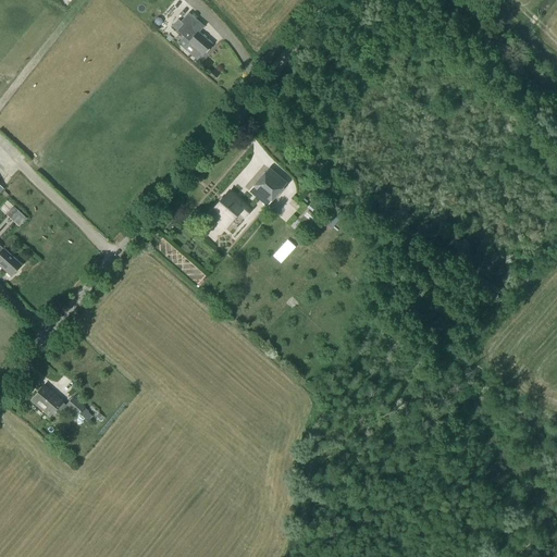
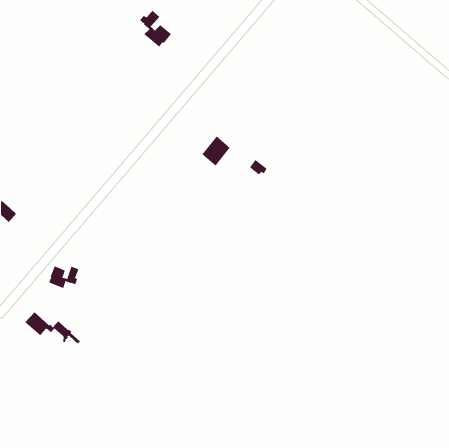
building: [210,190,251,227] -> none
building: none -> [48,266,79,289]

